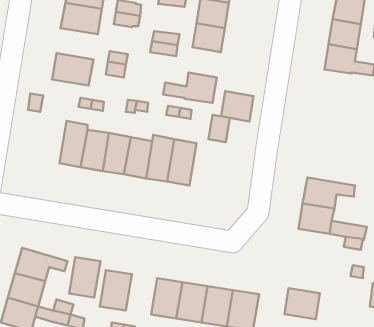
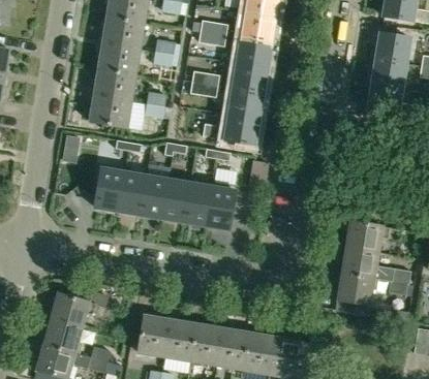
building: none -> [93,67,135,99]
building: [221,91,253,121] -> [228,87,262,118]
building: [69,257,100,298] -> [164,319,196,360]
building: [284,288,320,319] -> [337,273,373,305]

